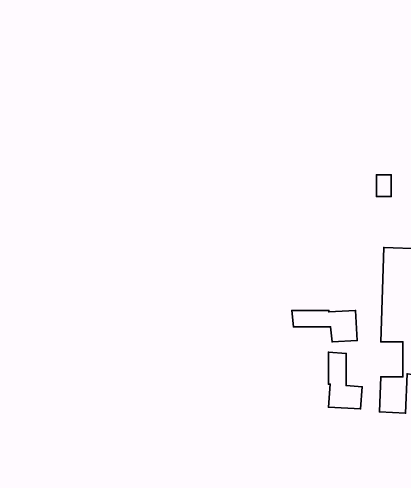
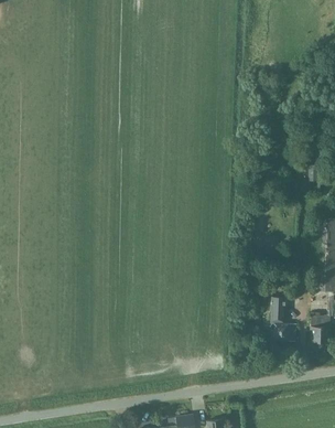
building: [292,310,357,342] -> none

